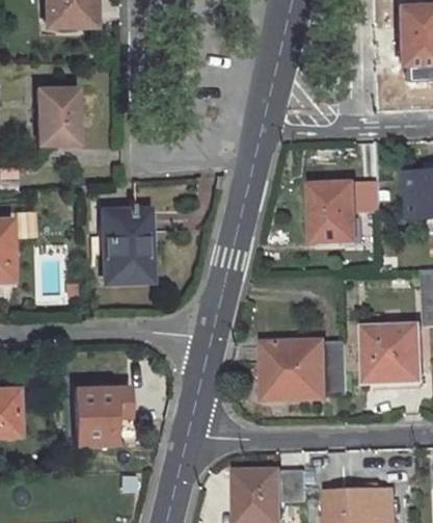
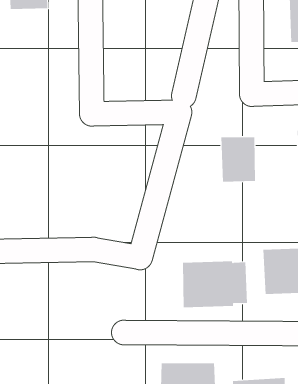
building: [38,85,77,141] -> none
building: [99,208,148,278] -> none
building: [72,387,127,443] -> none

